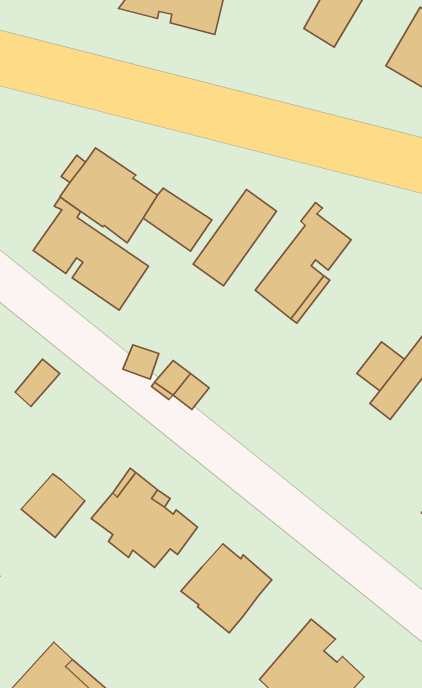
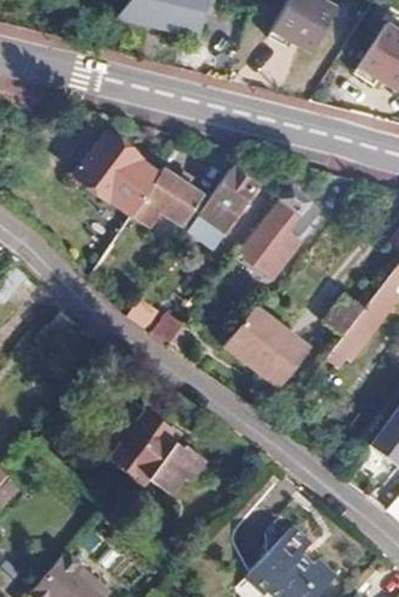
building: [33,197,148,310] -> none
building: none -> [225,303,311,384]
building: [21,474,85,537] -> none
building: [181,544,272,633] -> none

